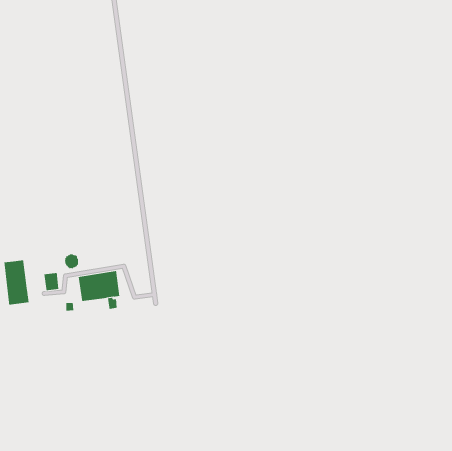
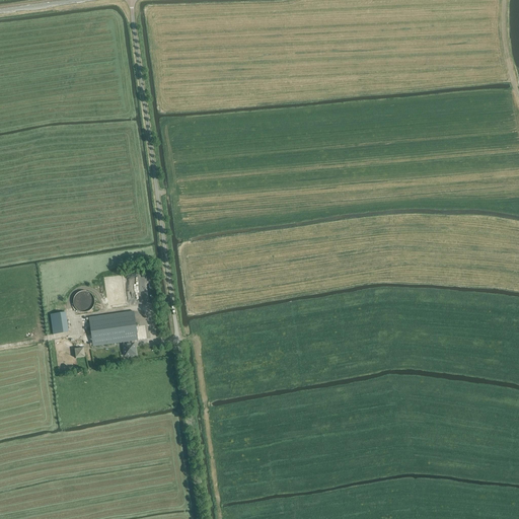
building: [4,259,29,305] -> none

